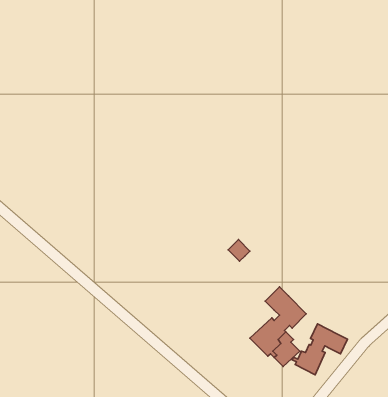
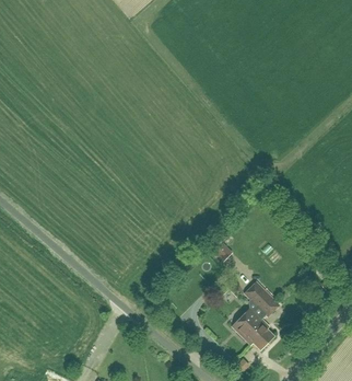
building: [292,324,348,375] -> none

